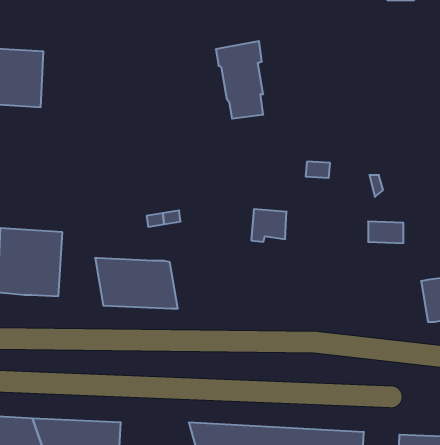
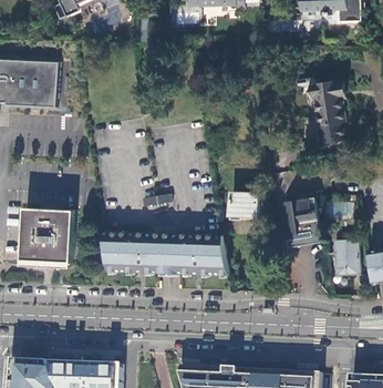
building: [216,41,263,119] -> [307,79,345,142]
building: none -> [280,197,319,248]
building: none -> [161,234,227,275]
building: none -> [333,239,356,273]

